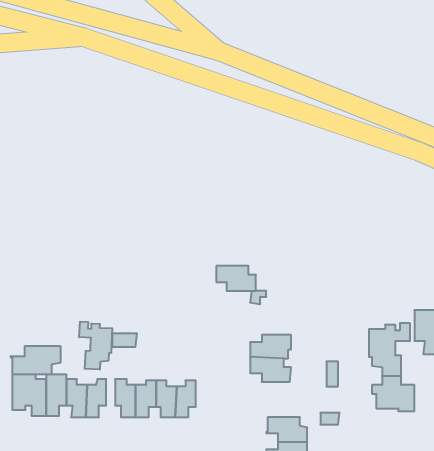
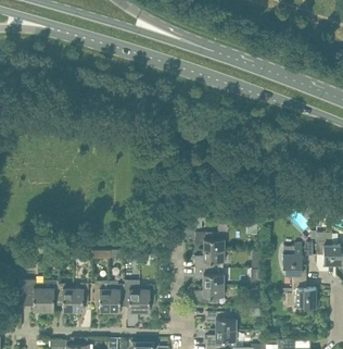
building: [216,266,256,291] -> [195,234,225,252]
building: [79,322,112,370] -> none
building: [11,346,60,375] -> none
building: none -> [194,287,224,304]

